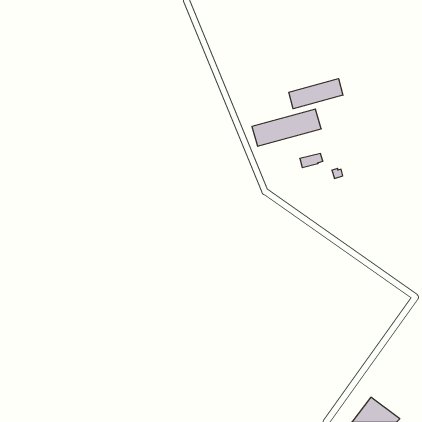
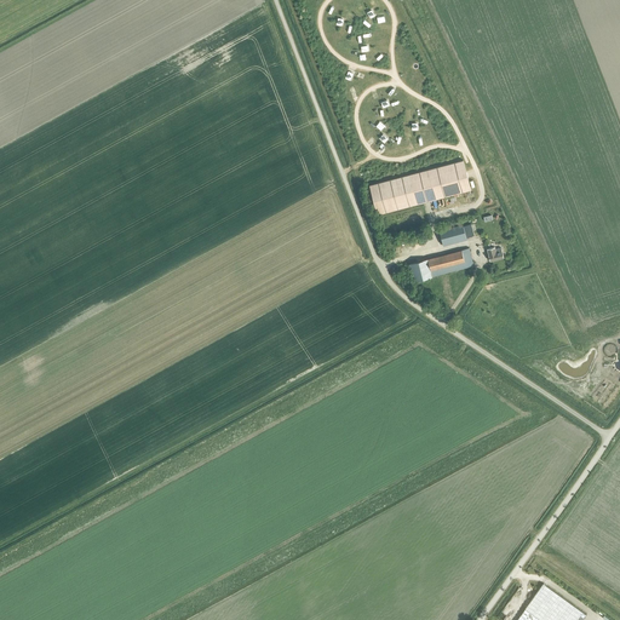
building: [289,79,343,109] -> none
building: none -> [409,248,473,282]

